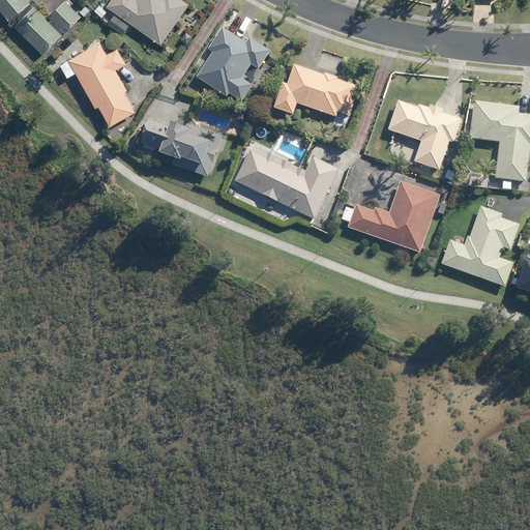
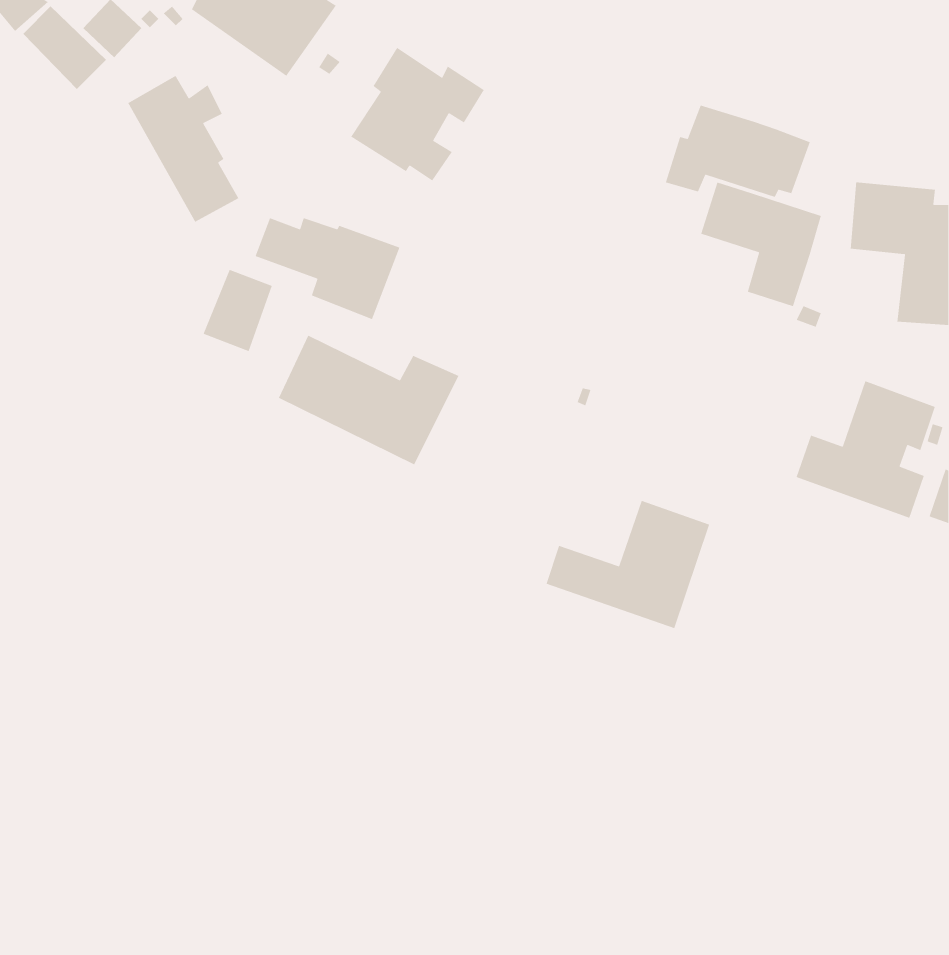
building: [272,64,353,116] -> [665,104,811,198]
building: [237,146,337,218] -> [278,334,460,465]
building: none -> [202,269,273,352]
building: [347,180,438,252] -> [546,500,710,629]

